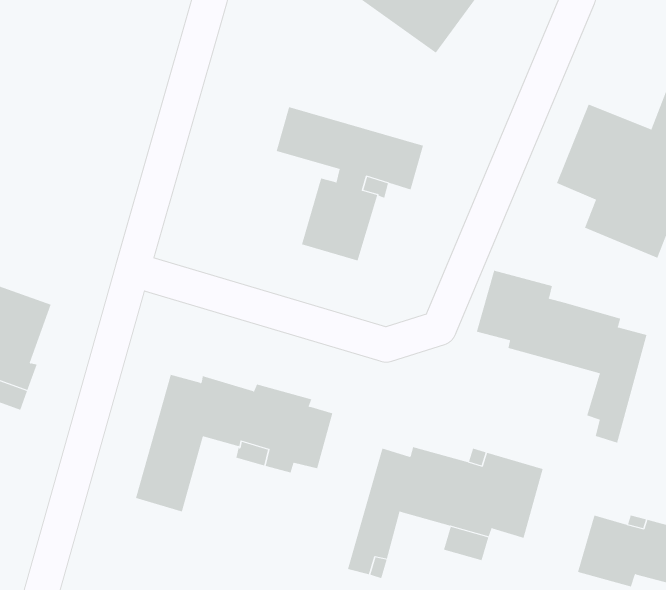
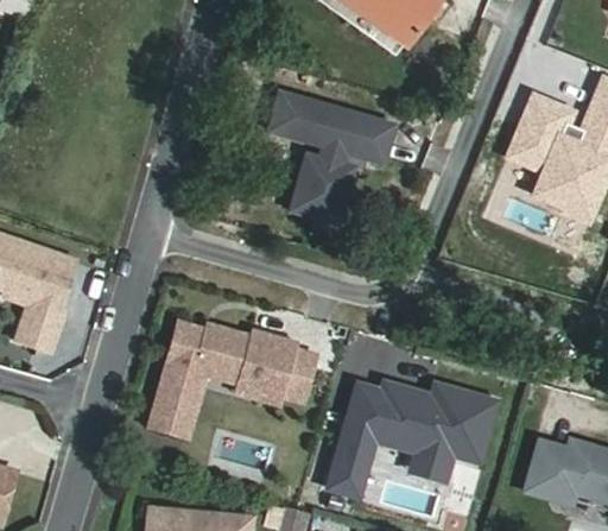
building: [476,270,647,443] -> none

